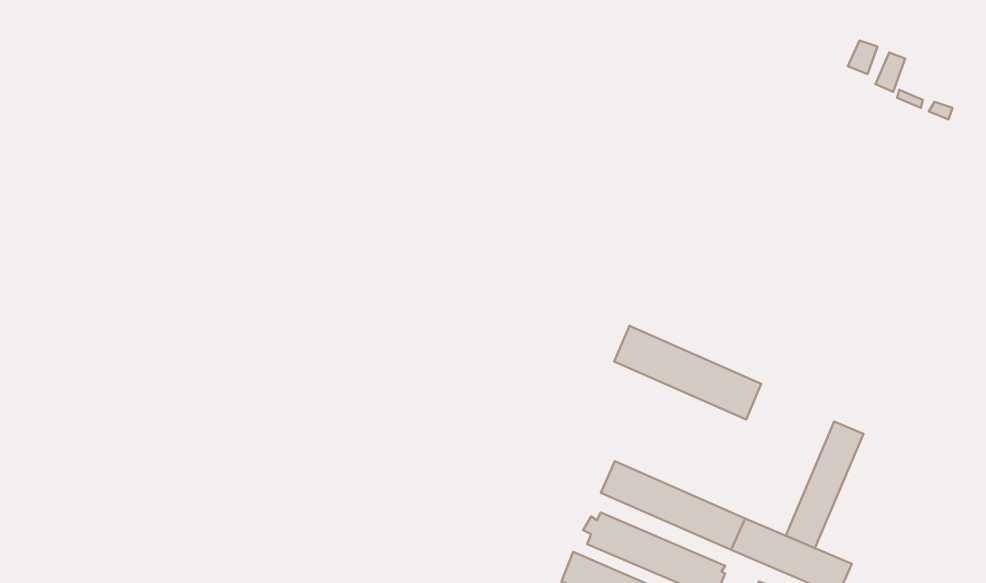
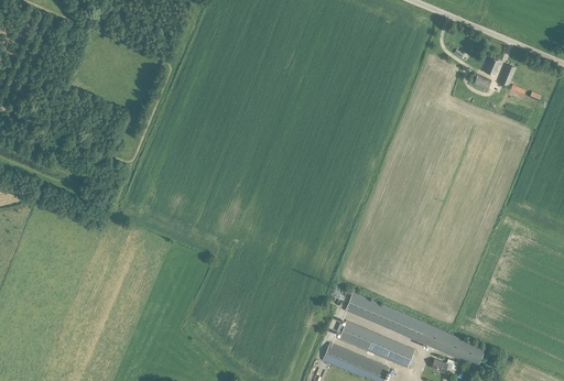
building: [614,326,761,420] -> none
building: [786,421,863,548] -> none

